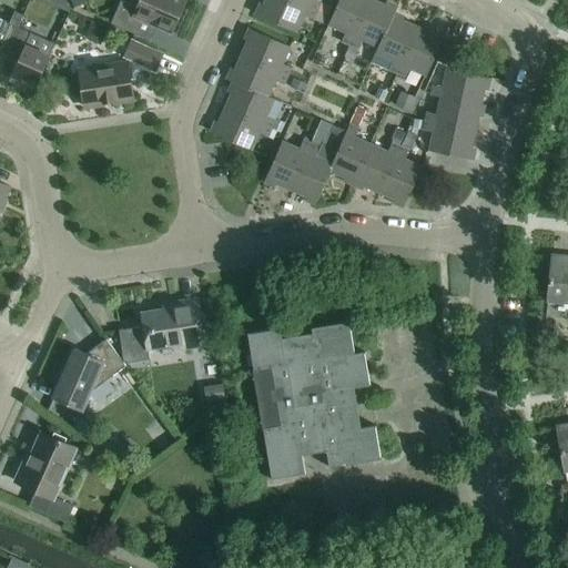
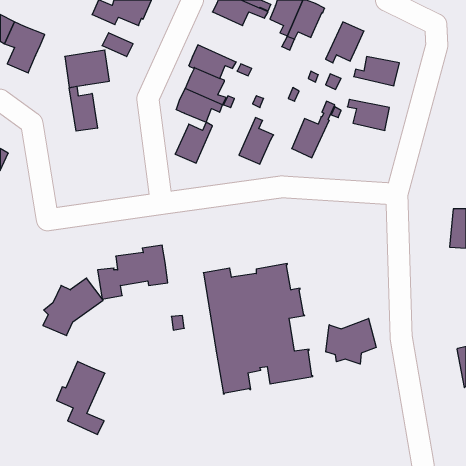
building: [375,16,417,72] -> none
building: [241,29,291,75] -> none
building: [425,95,479,131] -> none
building: none -> [69,86,97,131]
building: [329,123,371,181] -> none
building: [265,139,311,189] -> [175,122,212,163]
building: [379,146,420,203] -> none
building: none -> [326,318,376,364]
building: [16,433,74,521] -> [57,361,105,434]

